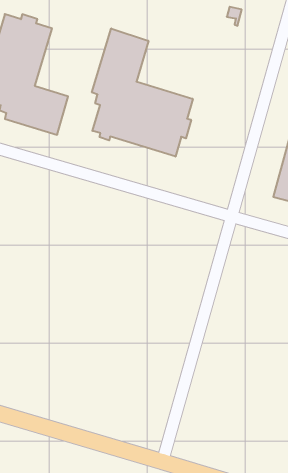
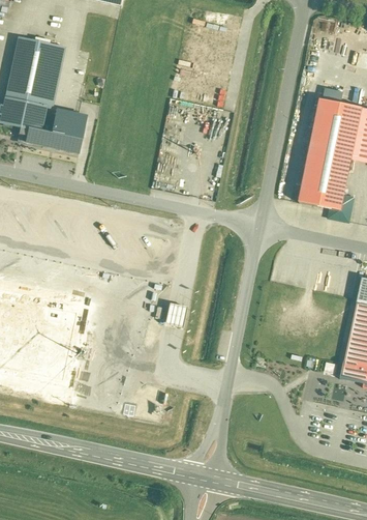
building: [92,28,193,157] -> none

